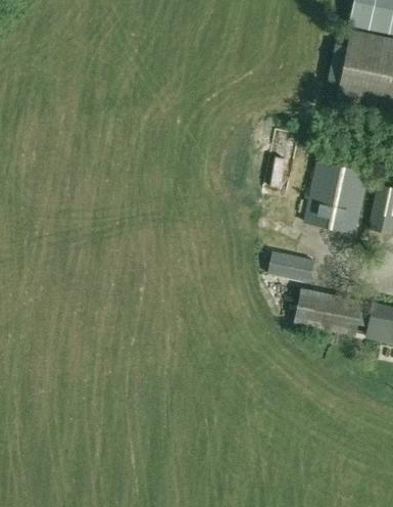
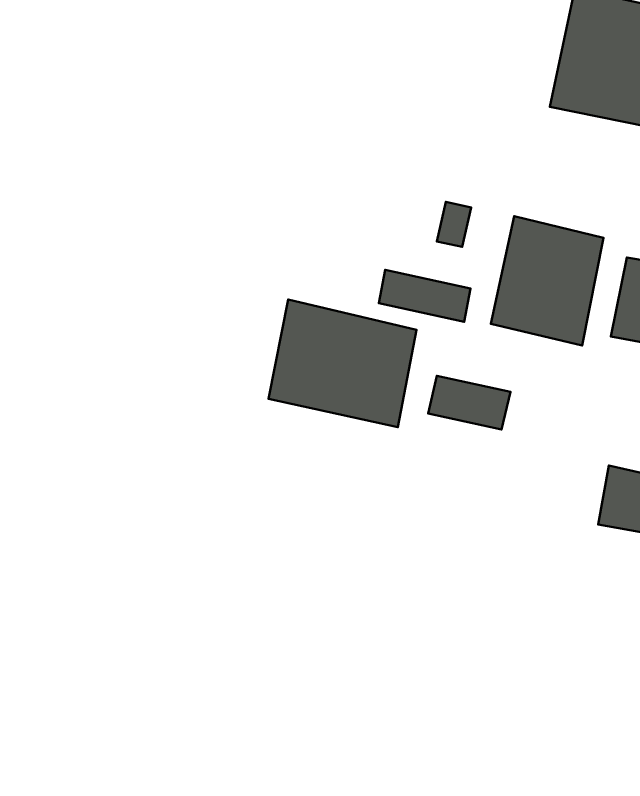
building: none -> [379,270,470,322]
building: none -> [268,300,417,427]
building: [295,289,362,334] -> none

